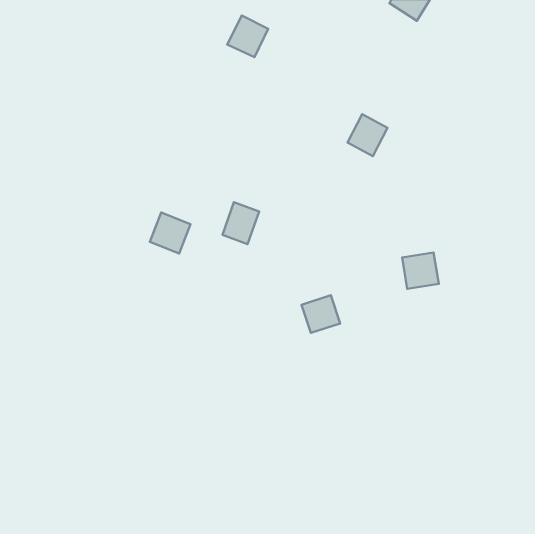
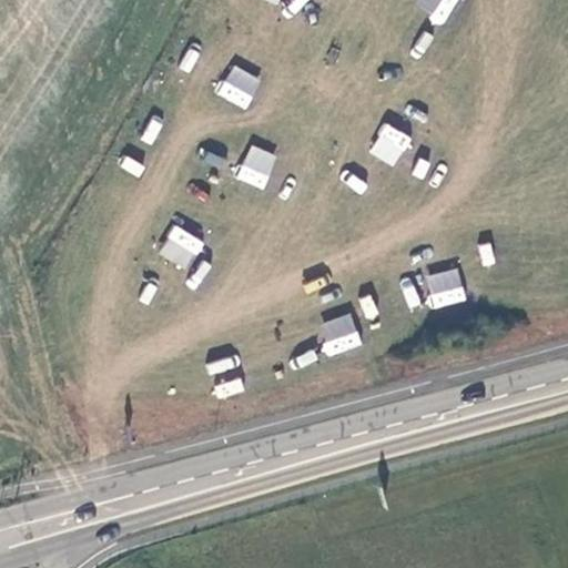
building: [227,15,268,57] -> [216,63,260,108]
building: [222,202,259,244] -> [237,143,276,187]

